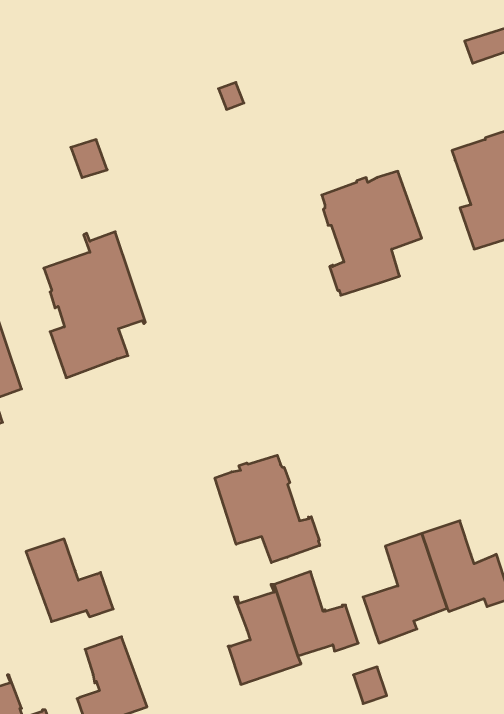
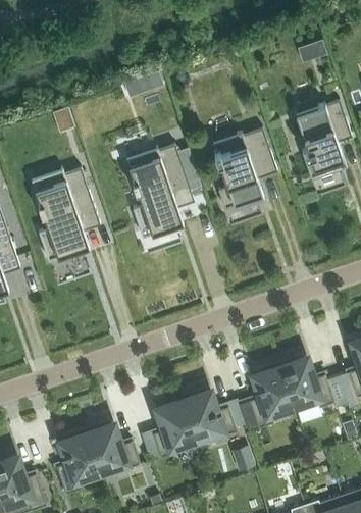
building: none -> [126,144,194,238]
building: [215,455,320,563] -> none
building: [26,539,113,622] -> [85,419,141,472]

